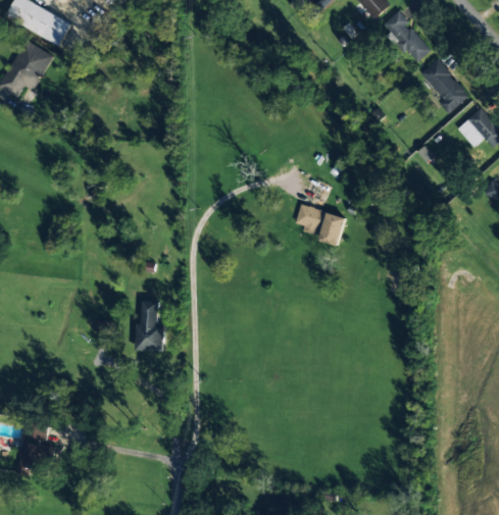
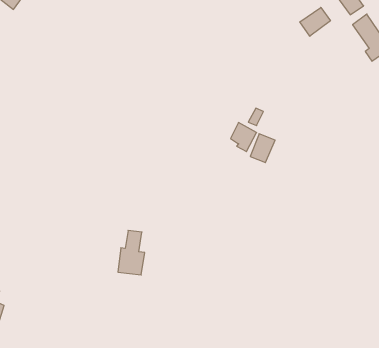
building: none -> [300,7,330,36]
building: [136,302,164,352] -> [118,230,145,275]

